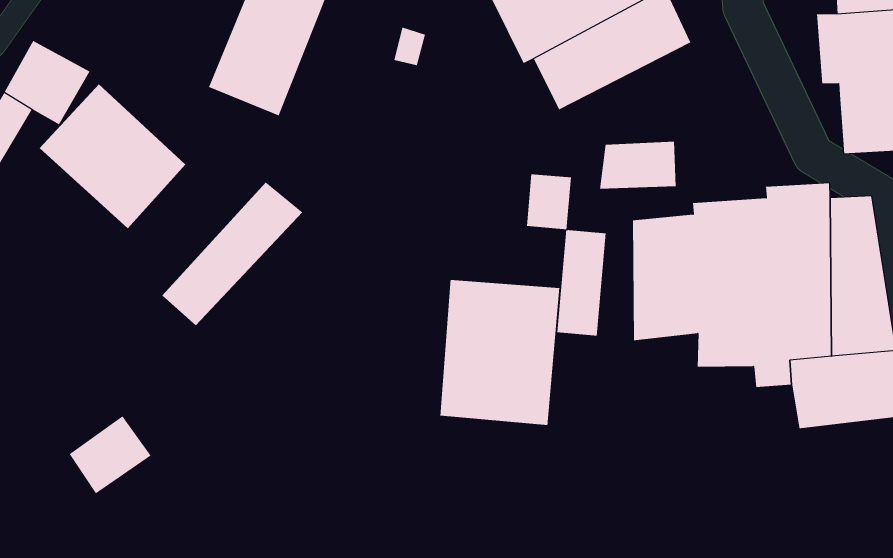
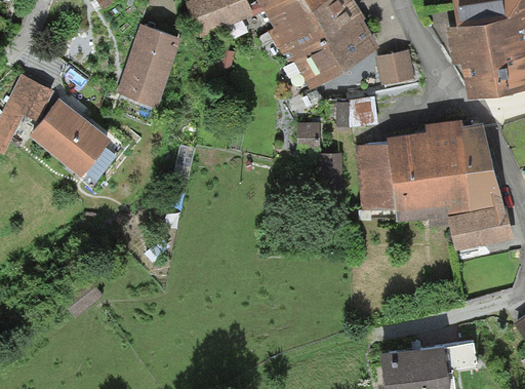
building: none -> [374,50,415,88]
building: [162,181,303,326] -> none
building: [440,279,560,426] -> none

